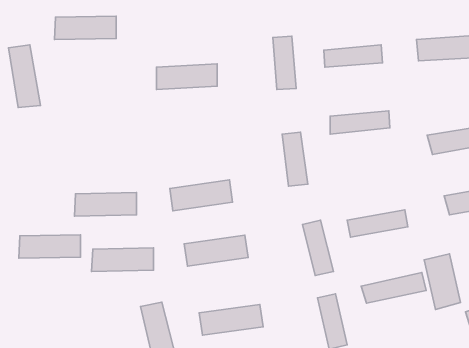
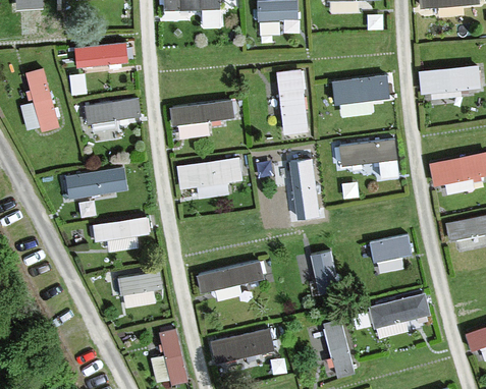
building: none -> [84,107,142,128]
building: [170,180,233,211] -> [179,154,239,183]
building: [19,235,80,258] -> [58,171,117,193]
building: [424,254,461,310] -> none

